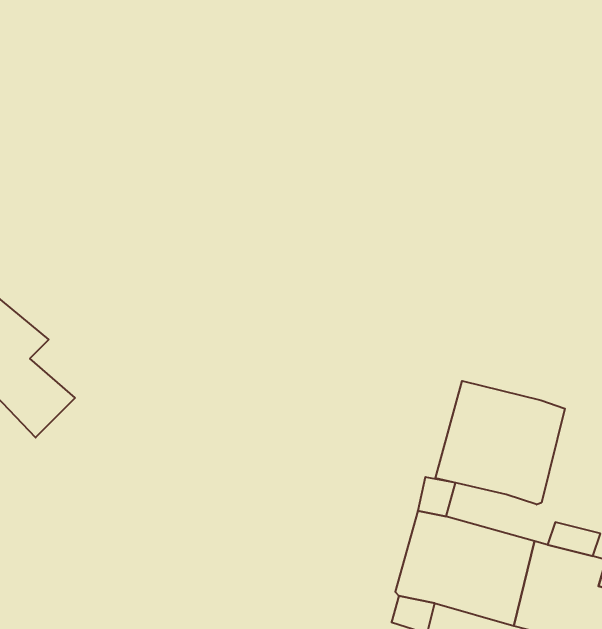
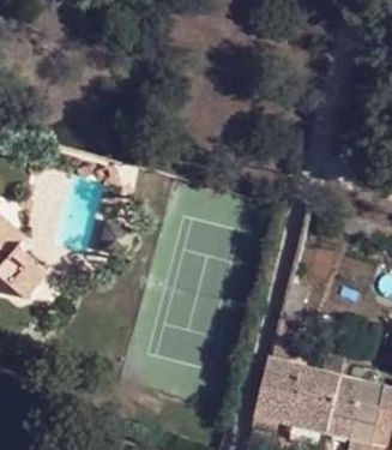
building: [435,381,565,505] -> none

